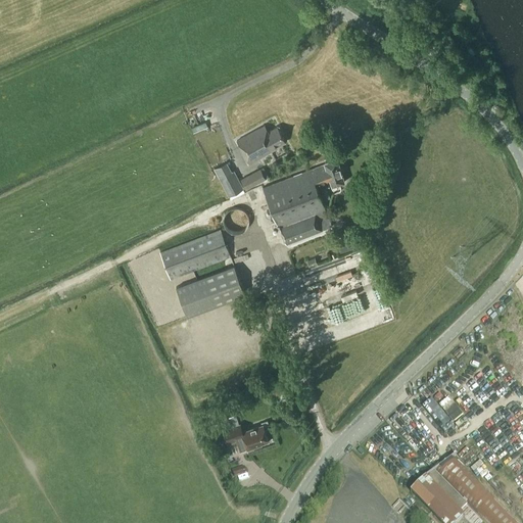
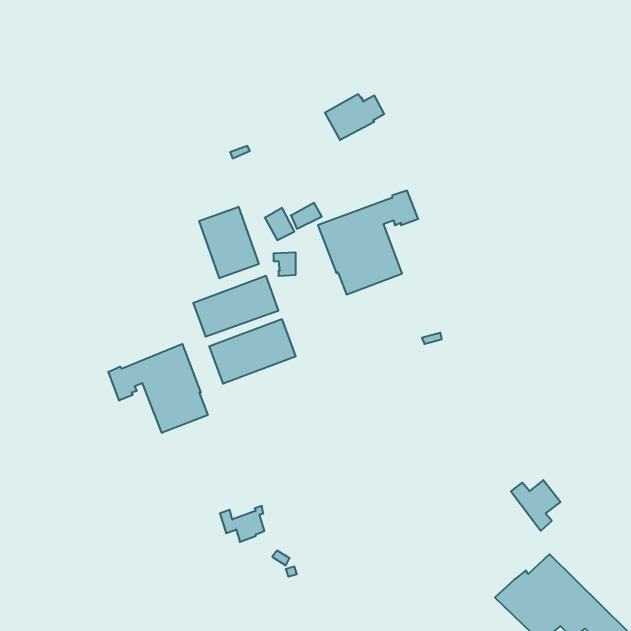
building: [236,126,285,163] -> [325,94,384,140]
building: none -> [199,207,259,278]
building: none -> [108,344,208,433]
building: [231,421,268,450] -> [220,506,264,542]

